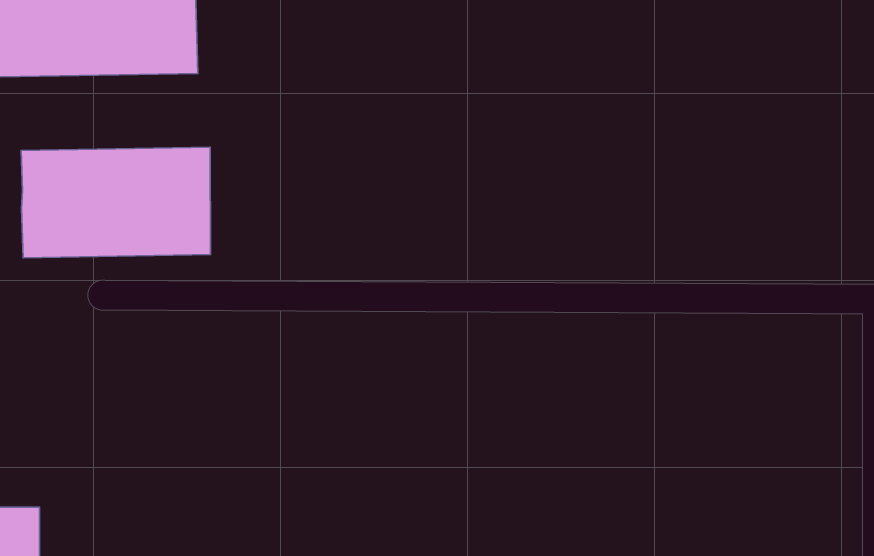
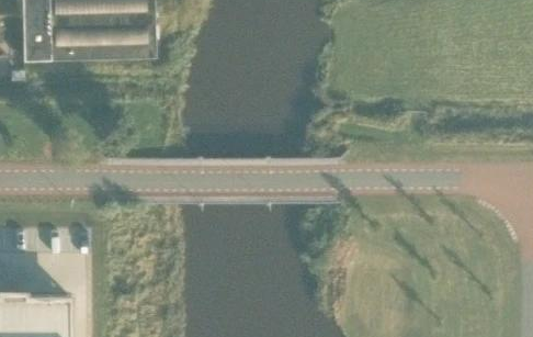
building: [21,147,211,258] -> none

